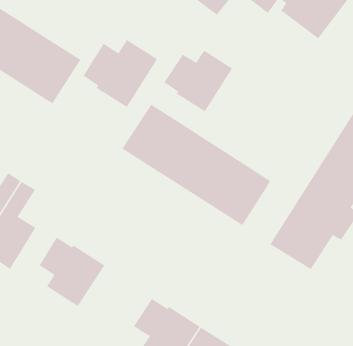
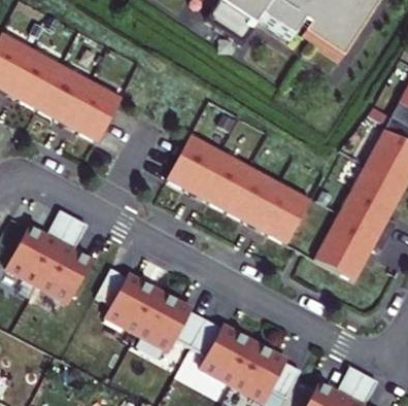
building: [83,39,158,108] -> none
building: [164,50,233,112] -> none
building: none -> [136,291,205,349]

